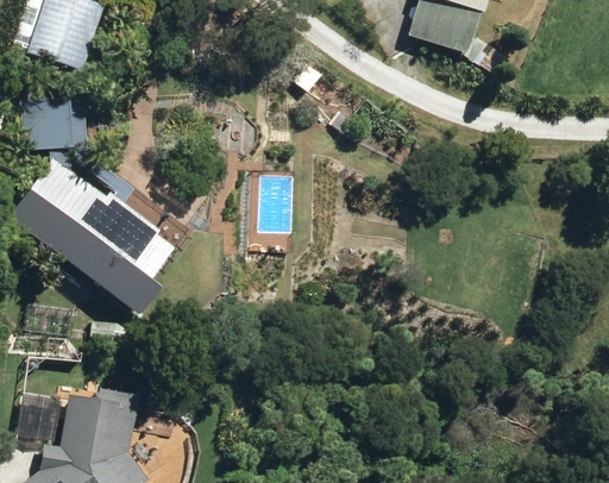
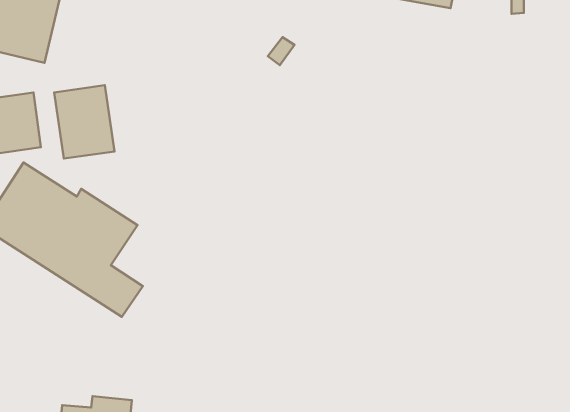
building: none -> [54,85,114,159]

